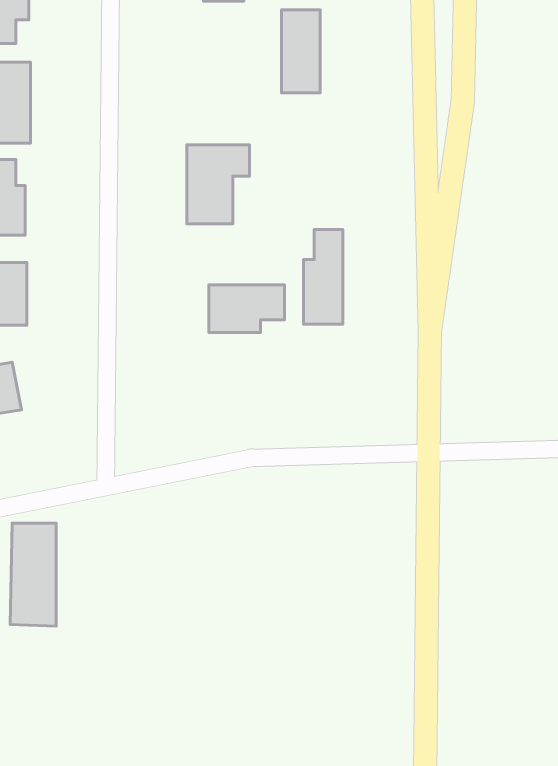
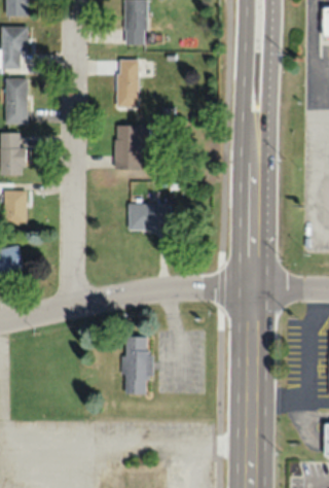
building: [281,10,320,93] -> [118,60,140,106]
building: [304,229,343,324] -> none
building: [10,523,56,626] -> [124,337,150,394]

